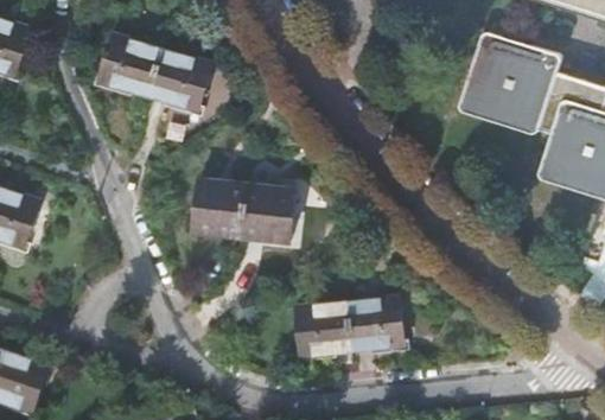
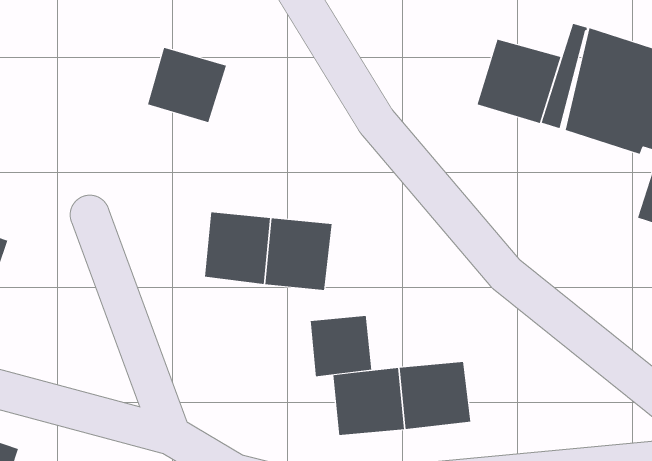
building: [100,37,163,96] -> none
building: none -> [477,39,561,124]
building: none -> [310,315,372,377]

